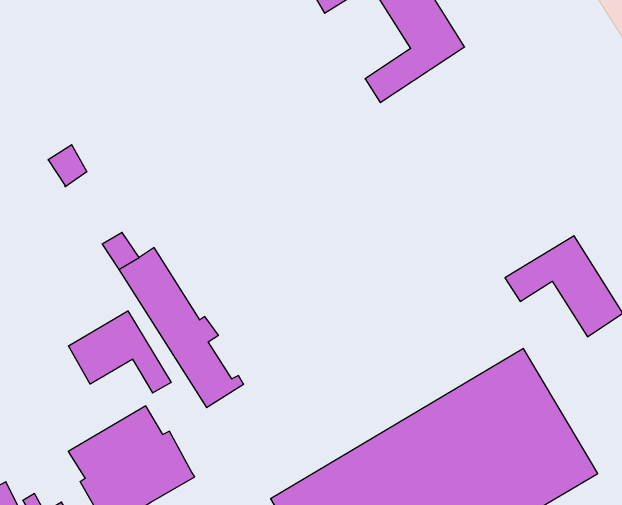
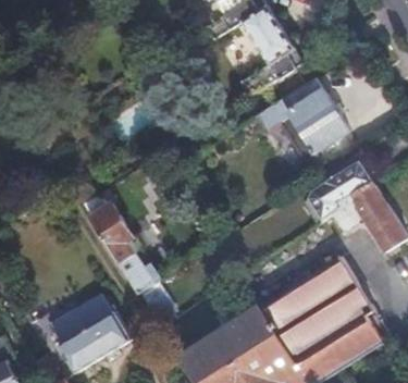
building: none -> [272,79,349,161]
building: none -> [307,159,375,221]
building: [69,311,171,393] -> none

